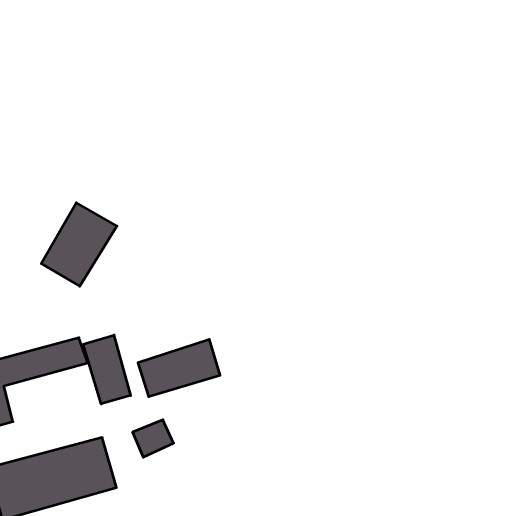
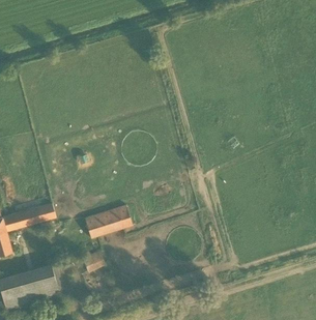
building: [41,203,117,286] -> none
building: [83,335,131,404] -> none

